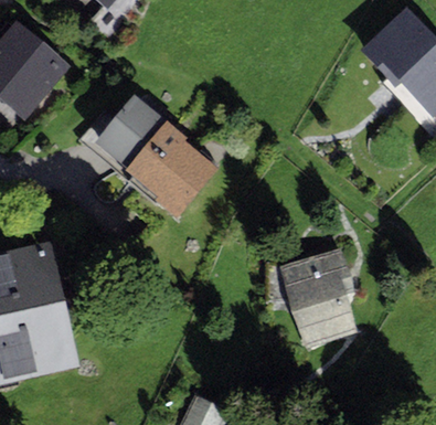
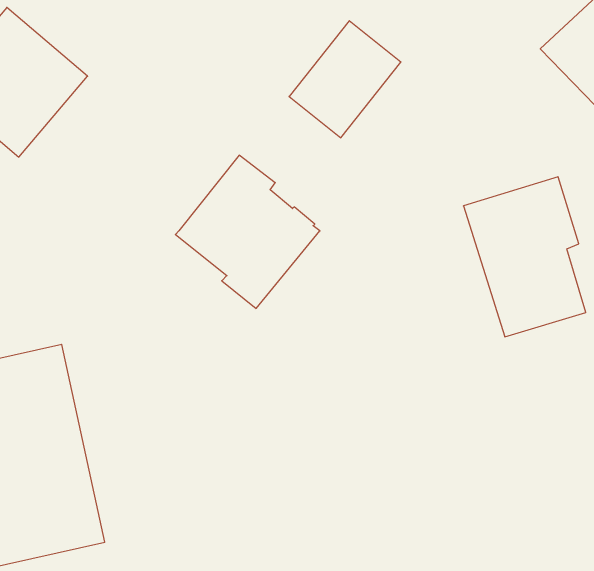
building: [94,93,166,168] -> [289,21,401,138]
building: [280,248,359,351] -> [463,177,586,337]

